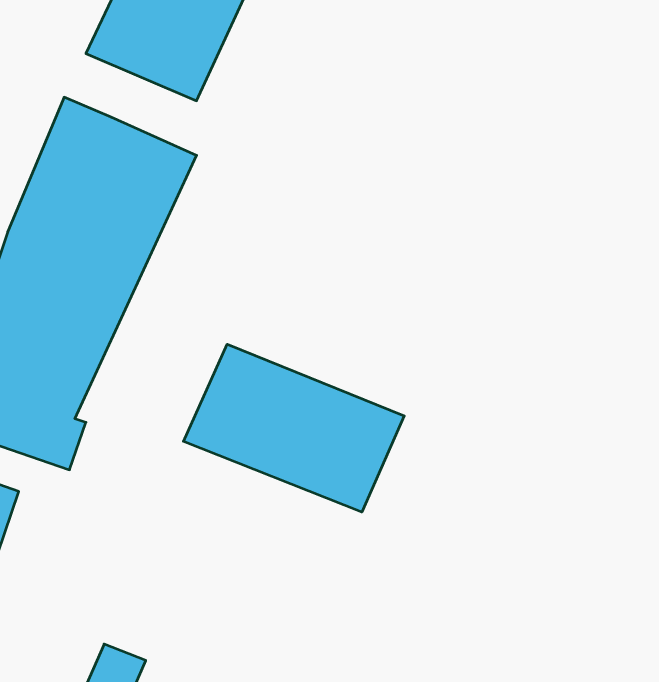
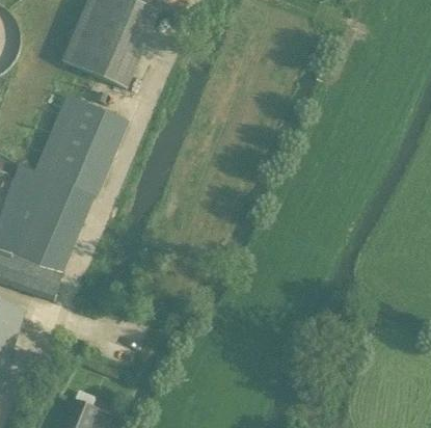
building: [183,344,404,512] -> none

